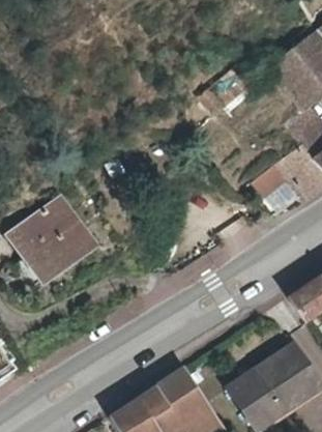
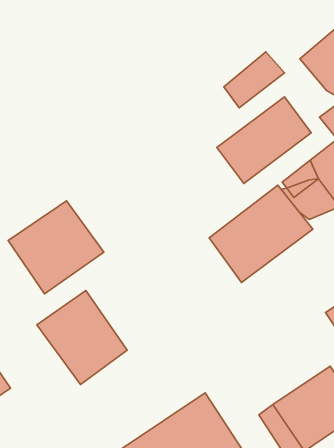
building: none -> [217,97,311,183]
building: none -> [209,185,313,283]
building: none -> [37,290,127,385]

